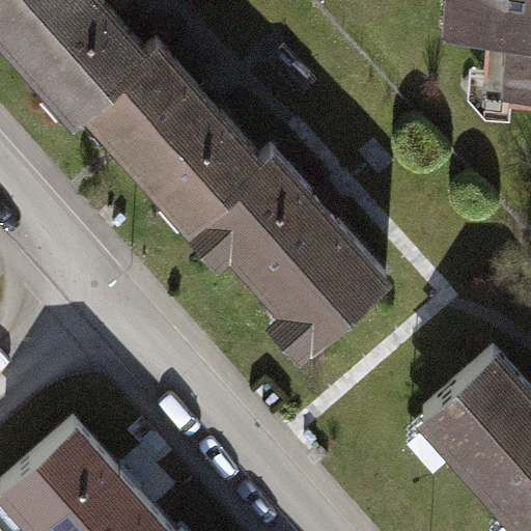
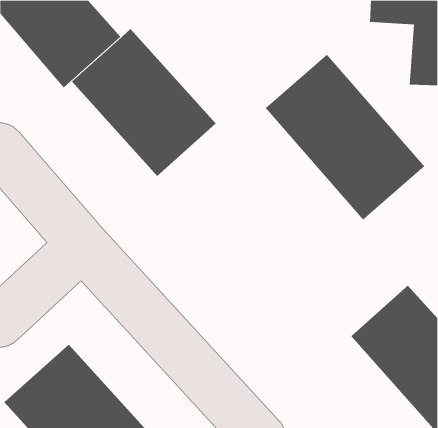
building: none -> [265,54,425,221]
building: [190,153,385,357] -> none

